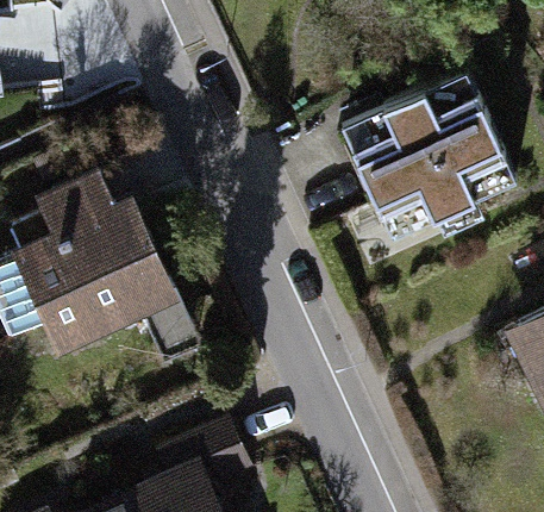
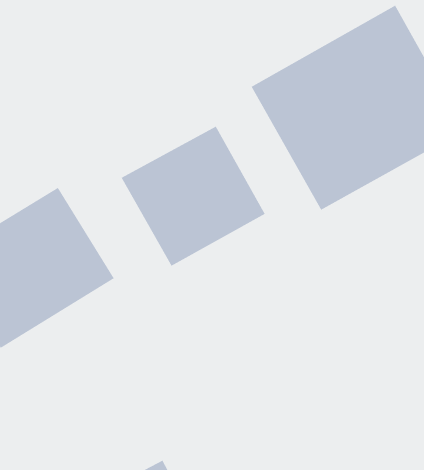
building: none -> [120,125,266,267]

